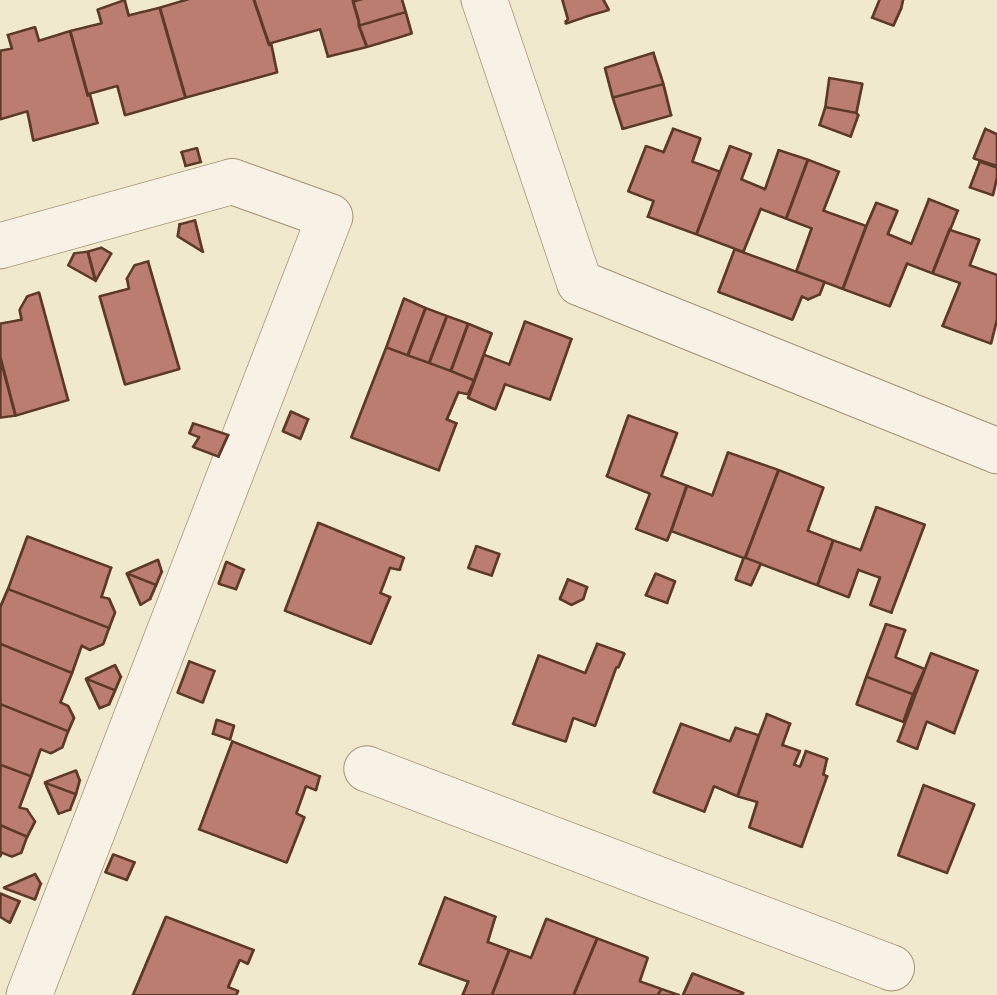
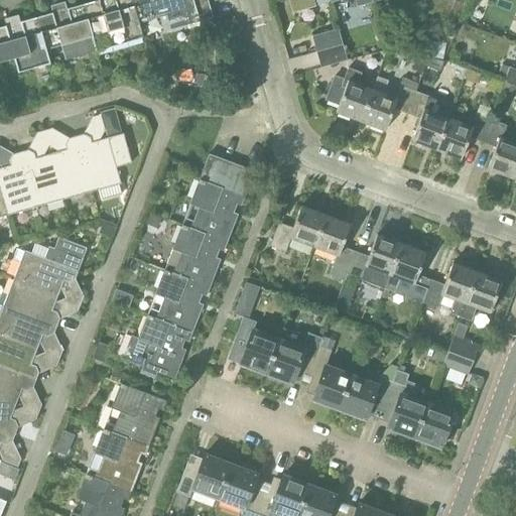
building: [719,249,824,320] -> none
building: none -> [77,133,132,190]
building: none -> [20,149,64,207]
building: [468,322,572,409] -> [271,206,325,251]
building: none -> [164,226,227,288]
building: none -> [13,236,87,293]
building: none -> [124,315,191,378]
building: none -> [232,316,278,374]
building: [898,653,978,749] -> [461,271,502,320]
building: none -> [307,345,352,409]
building: [898,785,974,873] -> [414,401,454,446]
building: none -> [86,428,148,491]
building: none -> [171,455,230,509]

